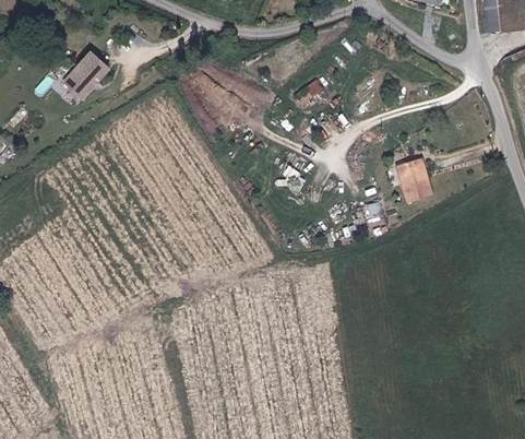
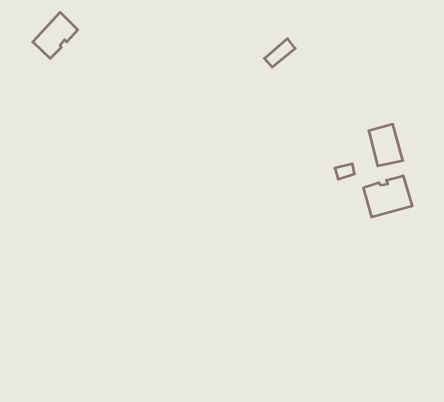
building: none -> [364,176,412,217]

